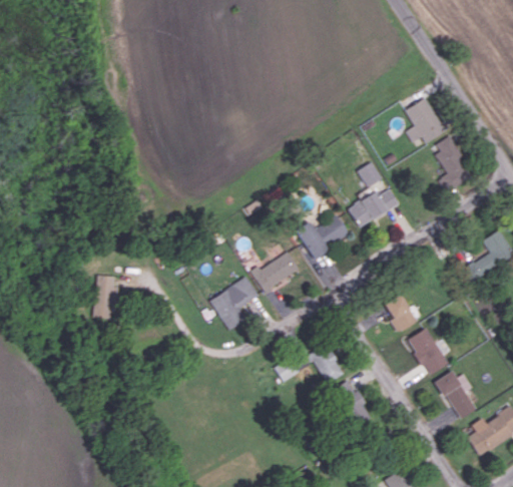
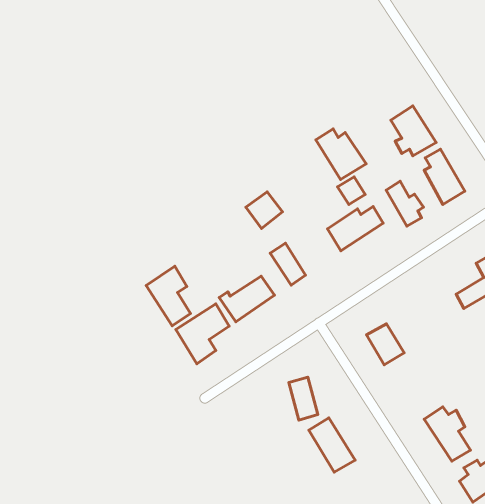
building: none -> [316,129,366,179]
building: none -> [386,181,423,226]
building: [317,214,350,248] -> [246,192,283,228]
building: none -> [146,266,190,326]
building: [92,275,118,320] -> none
building: [406,328,448,375] -> none

